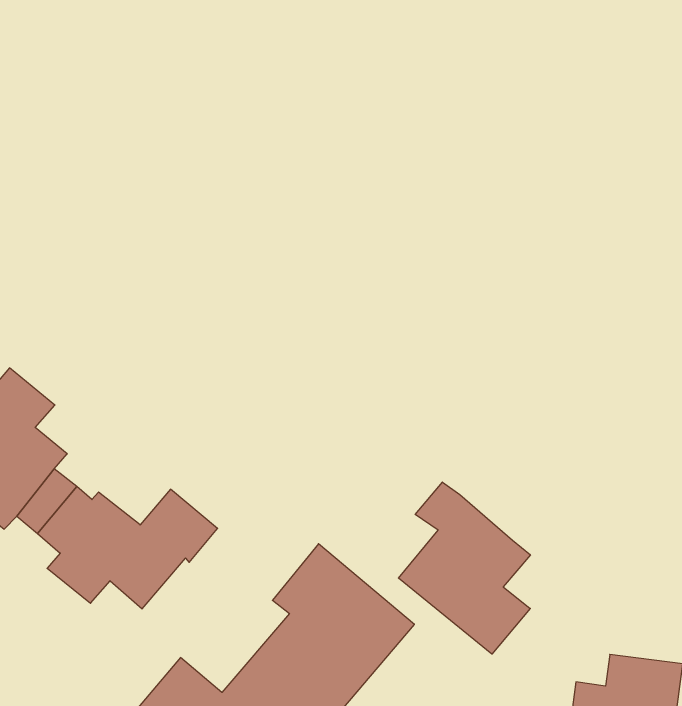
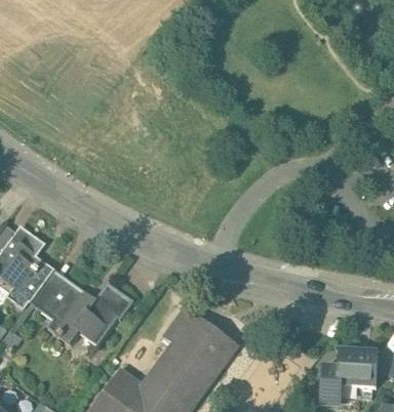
building: [398,482,530,654] -> none

